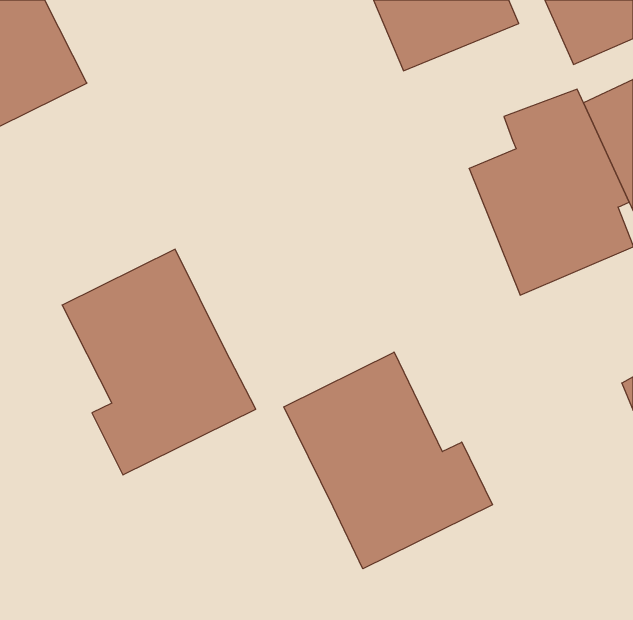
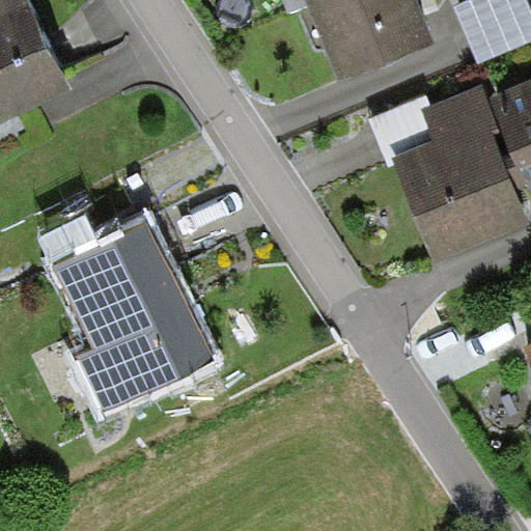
building: [284,352,492,569] -> none

